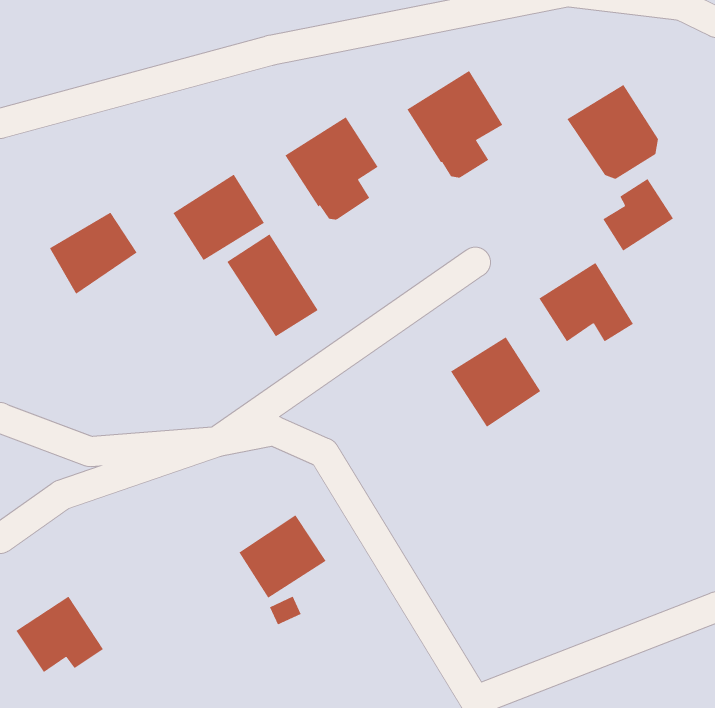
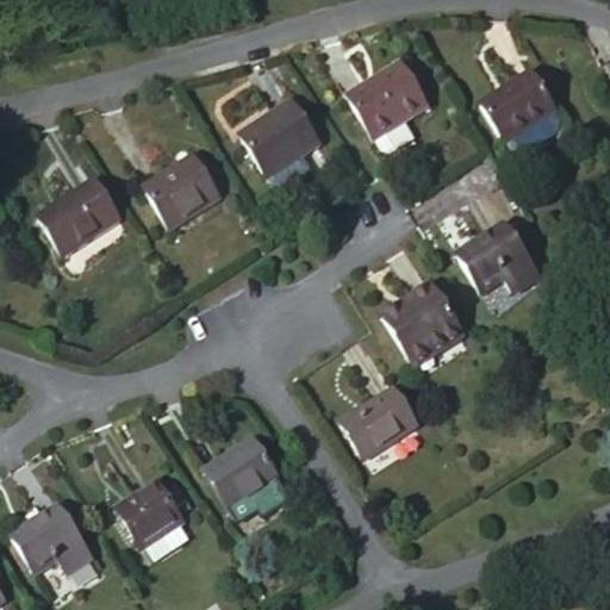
building: [603,178,674,251] -> none
building: [227,234,319,337] -> none
building: none -> [341,387,418,458]
building: none -> [117,481,191,559]

